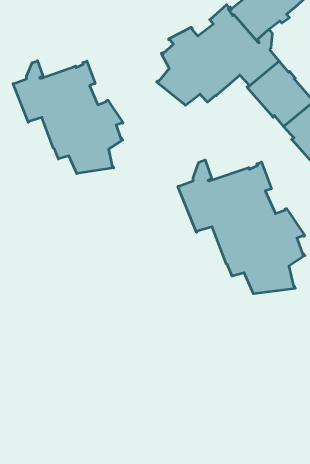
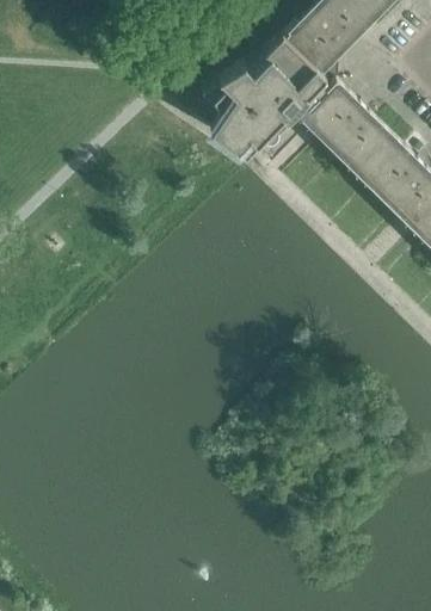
building: [13,61,123,174] -> none
building: [178,160,305,294] -> none

